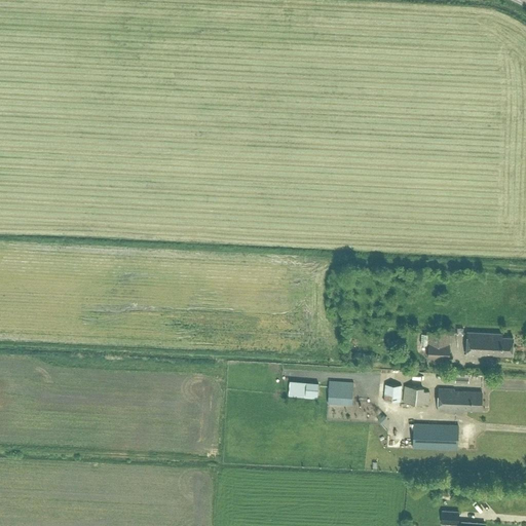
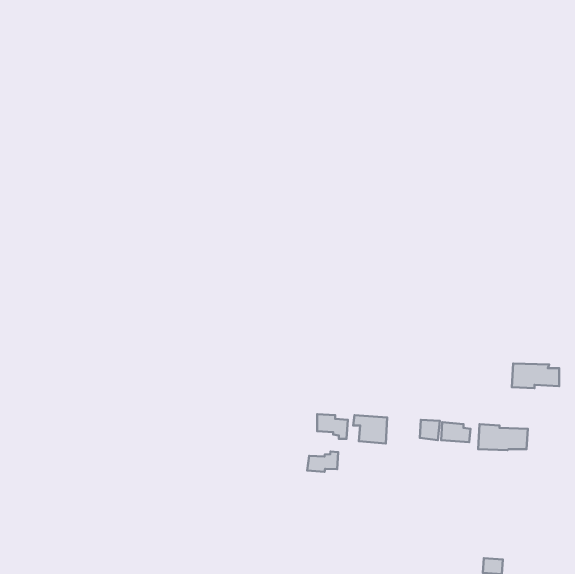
building: [427,332,449,359] -> none
building: none -> [307,451,338,472]
building: [413,424,457,451] -> none

